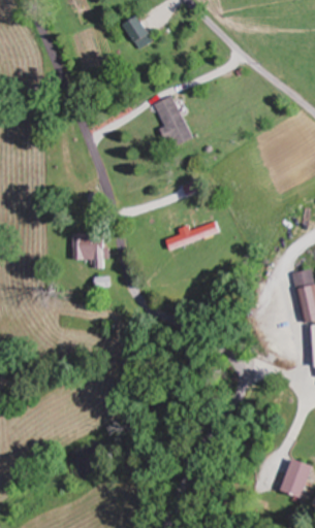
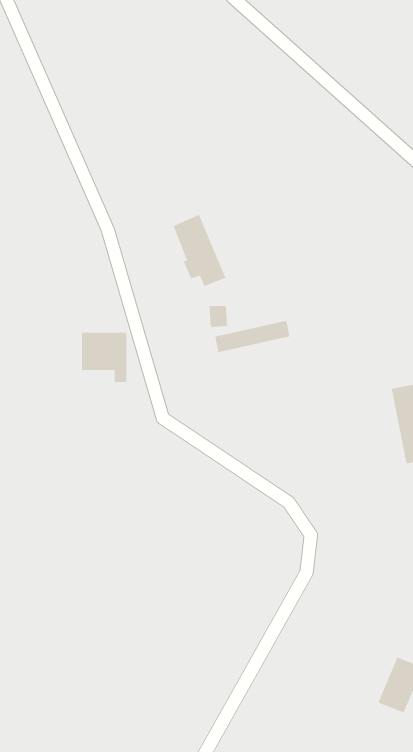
building: [123,14,152,48] -> none
building: [156,95,193,145] -> [173,214,226,287]

